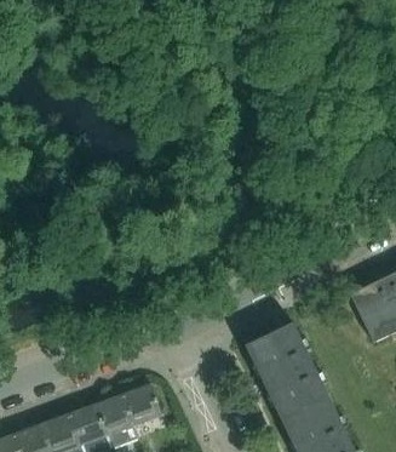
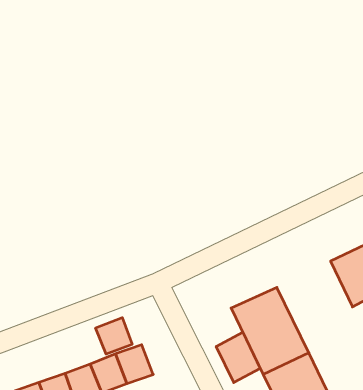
building: none -> [96,318,132,354]
building: none -> [216,332,260,383]

